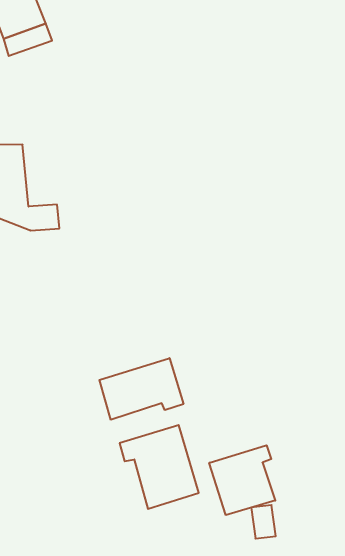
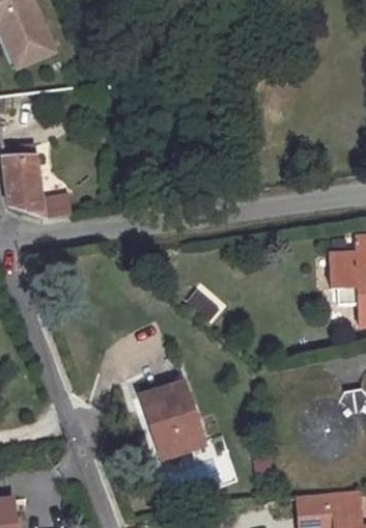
building: [99,358,183,420] -> none
building: [209,445,275,515] -> none

